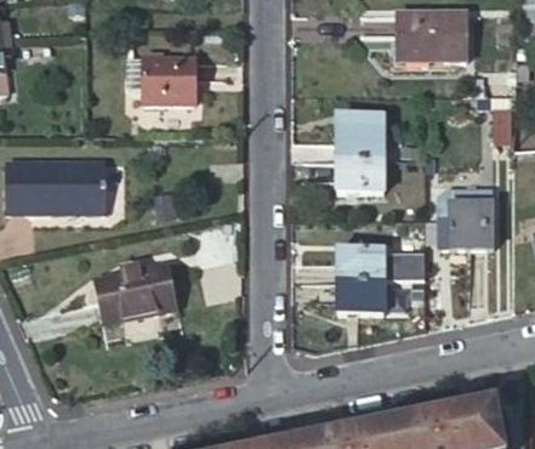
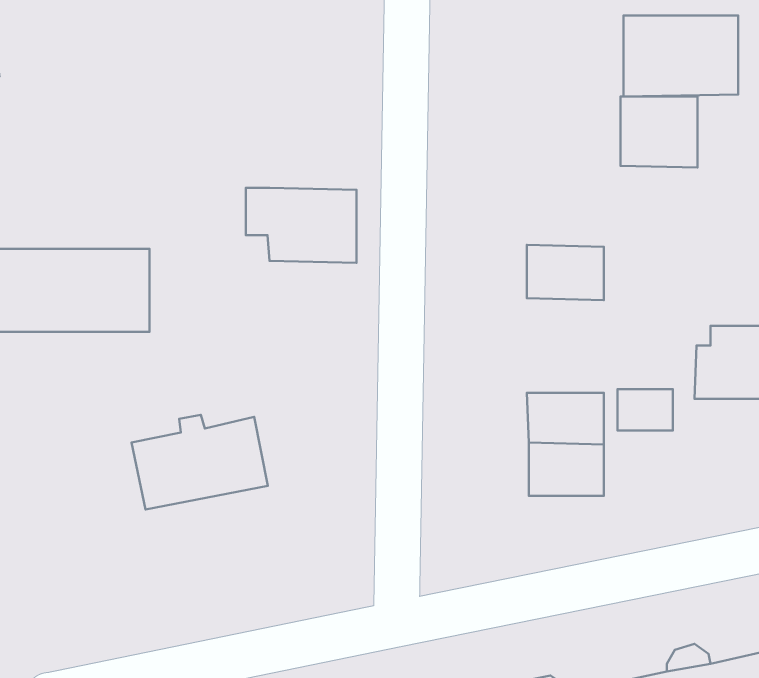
building: [129,56,197,102] -> [246,188,356,263]
building: [337,116,385,160] -> [620,97,697,168]

